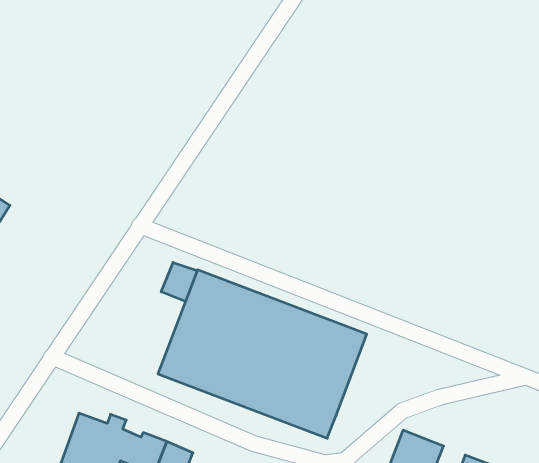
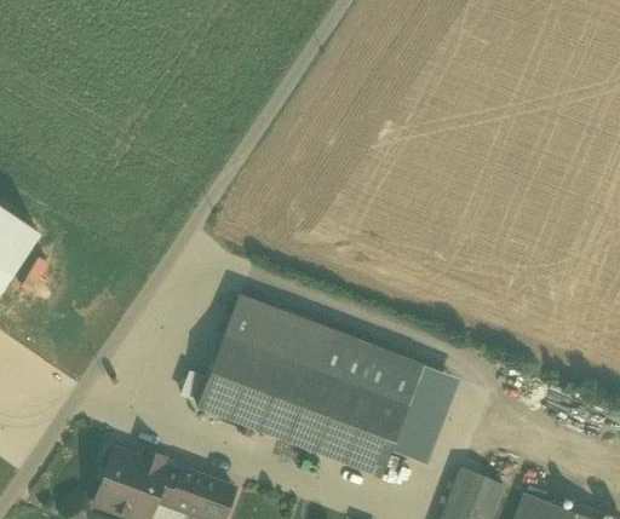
building: [161,262,197,302] -> none
building: none -> [389,365,459,466]

